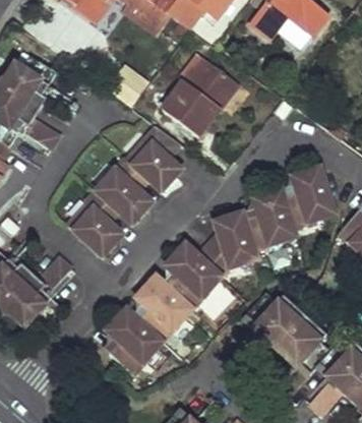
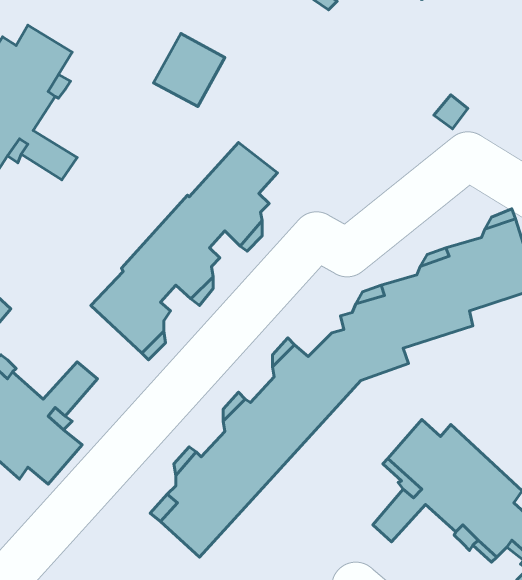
building: [158,59,237,138] -> none

